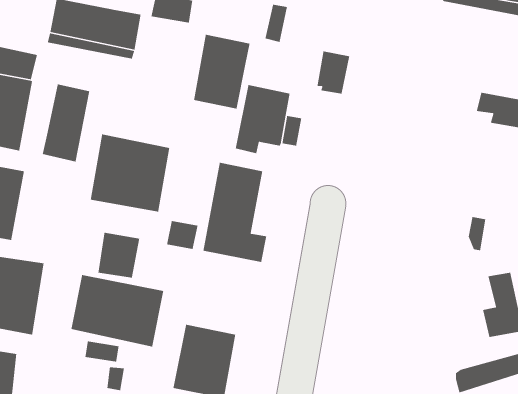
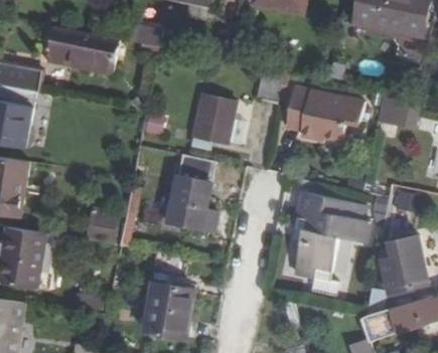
building: [193,34,250,110] -> none
building: none -> [284,87,363,141]
building: [42,84,90,162] -> none
building: [90,134,170,212] -> none
building: none -> [294,193,370,298]
building: [71,274,164,347] -> none

